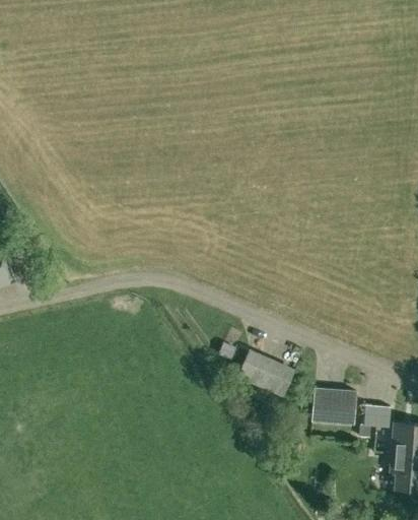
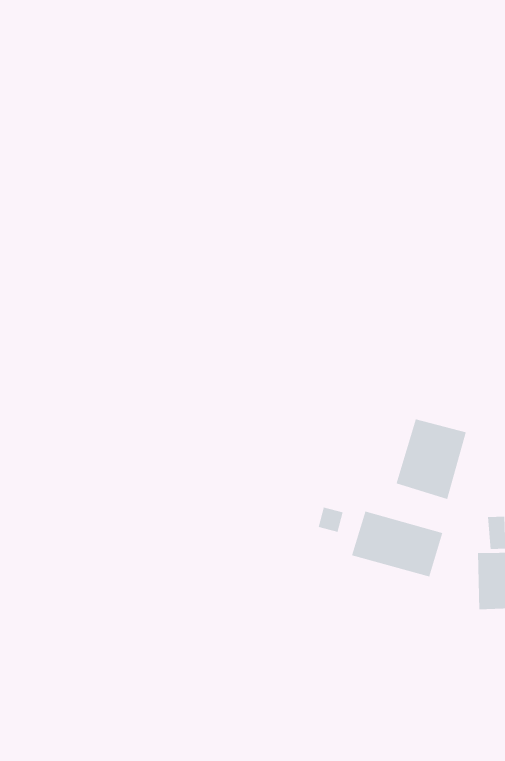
building: none -> [396,419,467,500]

